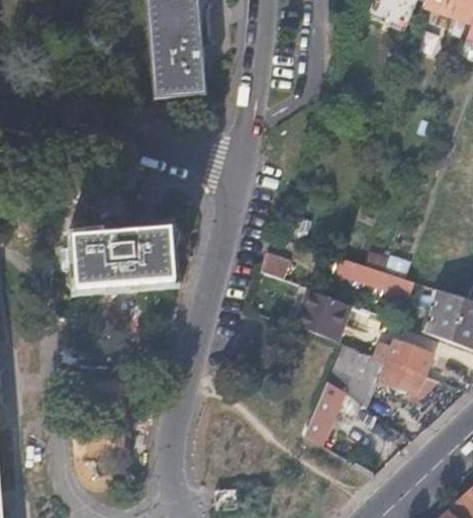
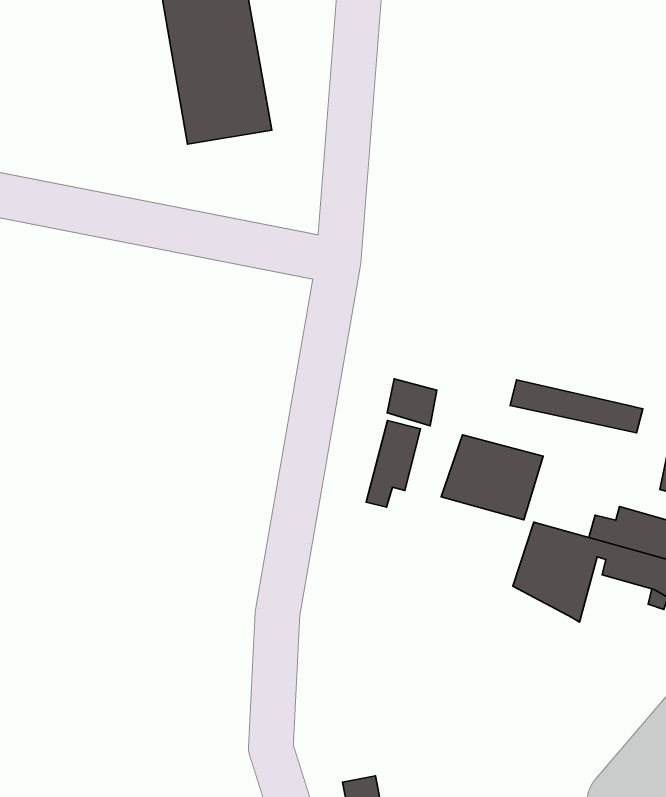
building: [72,230,173,288] -> none
building: none -> [366,421,420,507]
building: [304,381,361,444] -> none

